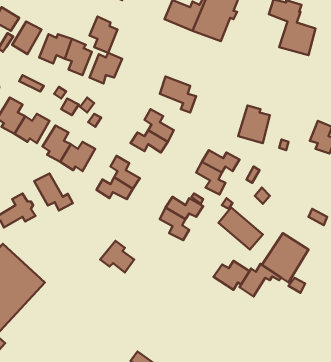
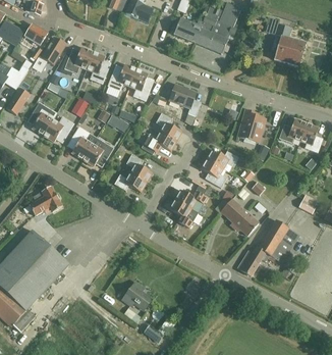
building: [89,17,118,53] -> [129,68,154,100]
building: none -> [279,118,307,142]
building: [34,174,73,210] -> none
building: [100,241,134,272] -> [122,282,152,309]
building: [214,261,249,290] -> none

